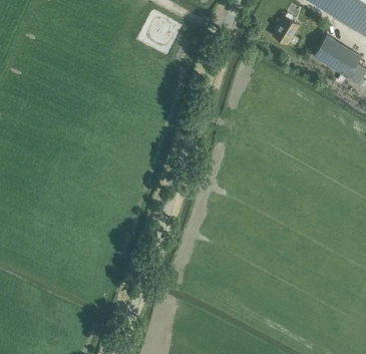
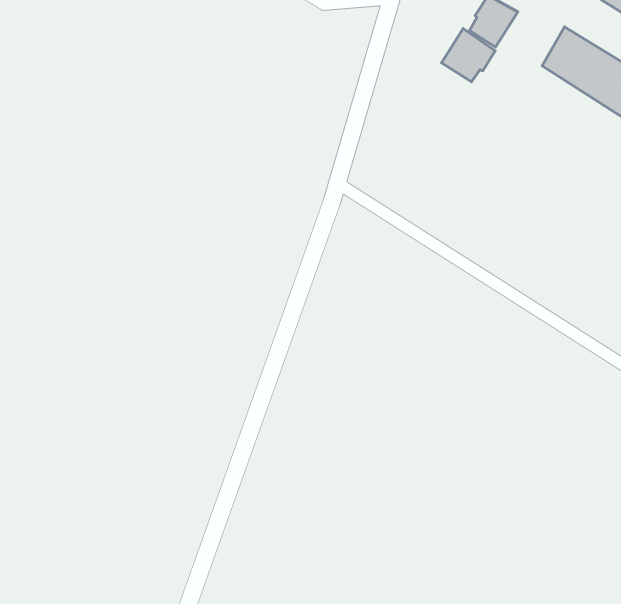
building: none -> [441,29,495,82]

